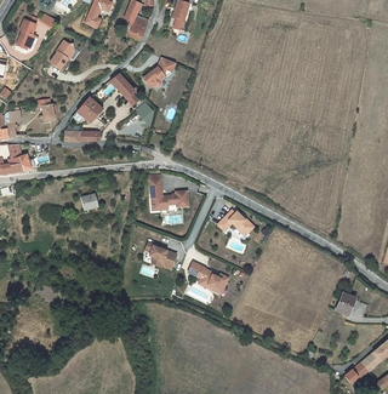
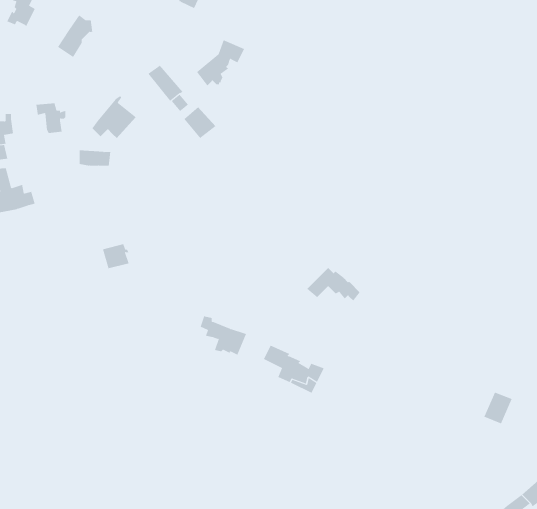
building: [150,179,188,207] -> none

